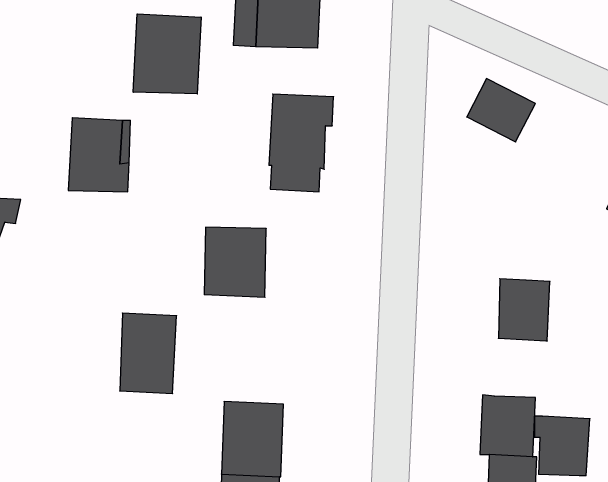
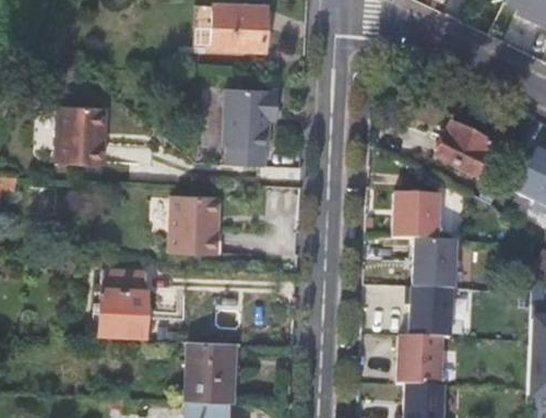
building: [133,14,201,94] -> none
building: [467,79,535,142] -> [436,124,492,177]
building: none -> [393,194,439,241]
building: [535,416,590,476] -> [407,289,453,338]

